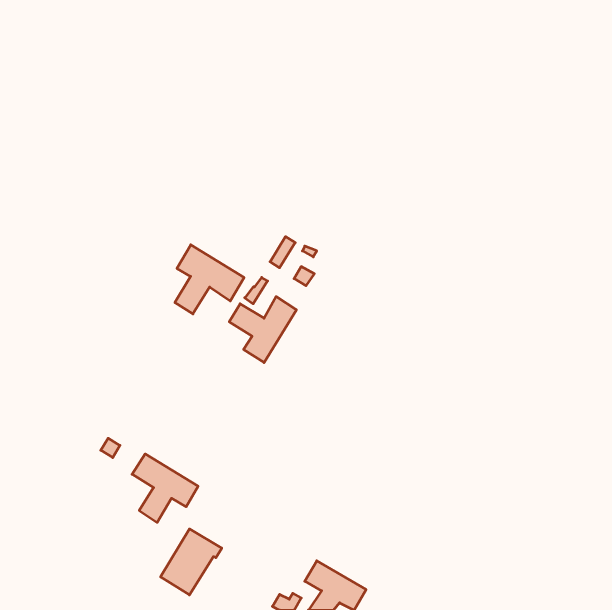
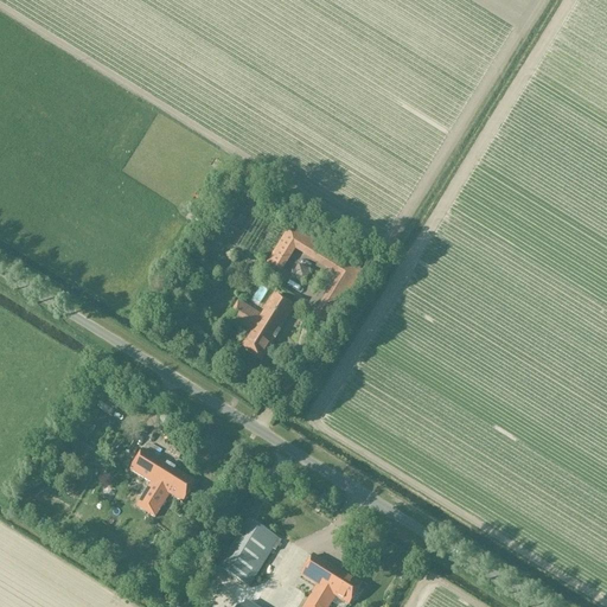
building: [175,245,244,314] -> none
building: [161,529,222,595] -> [222,520,282,586]

